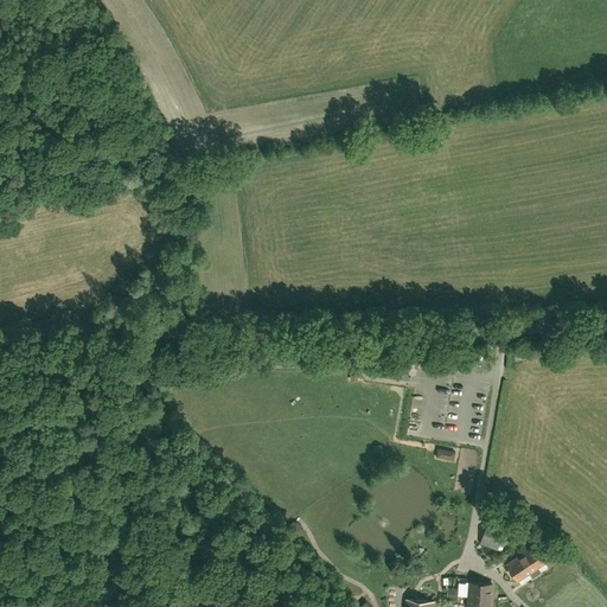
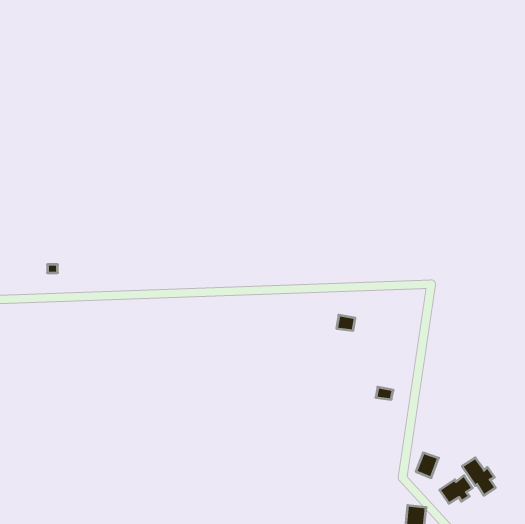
building: none -> [462,458,495,495]

